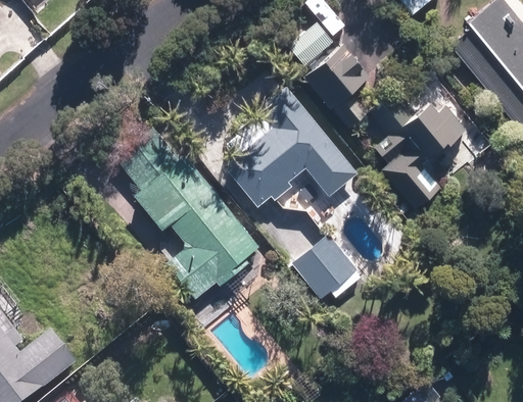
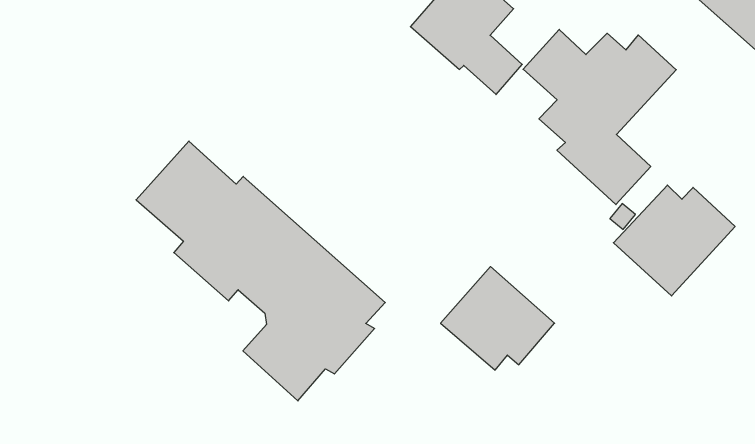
building: [224,86,358,208] -> none
building: none -> [613,185,735,296]

